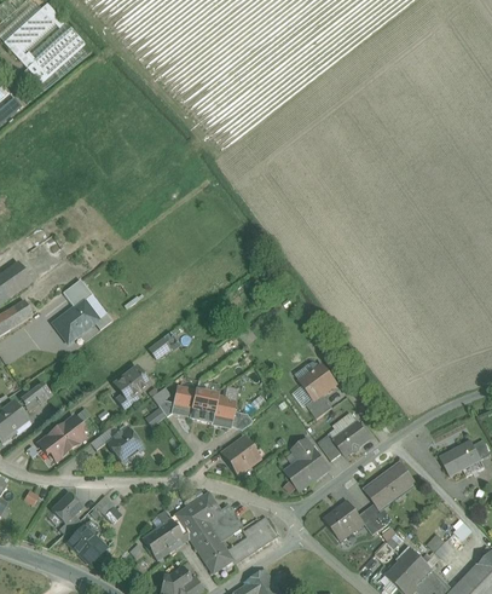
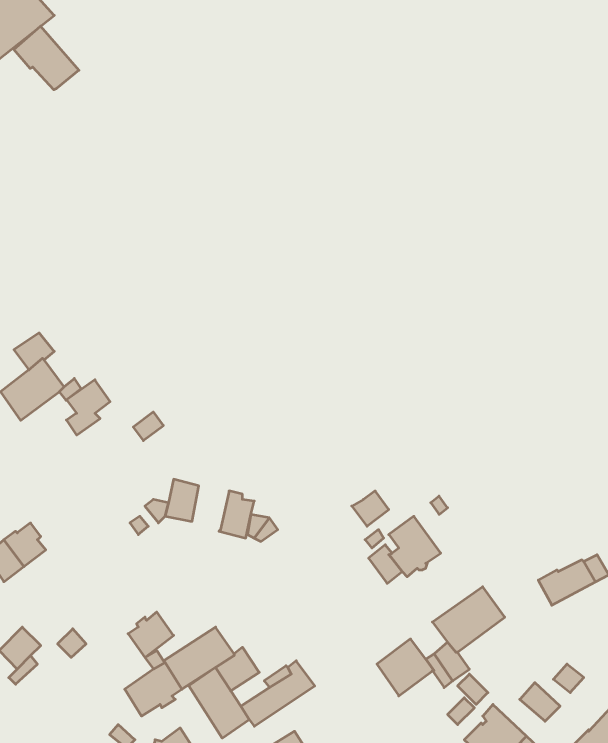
building: none -> [14,26,79,90]
building: [299,364,335,399] -> none
building: [115,368,146,408] -> [66,380,110,435]
building: [189,390,216,421] -> none
building: [106,427,139,460] -> [128,612,174,657]
building: [224,438,256,471] -> none
building: [285,439,326,489] -> none
building: [66,525,105,563] -> none

